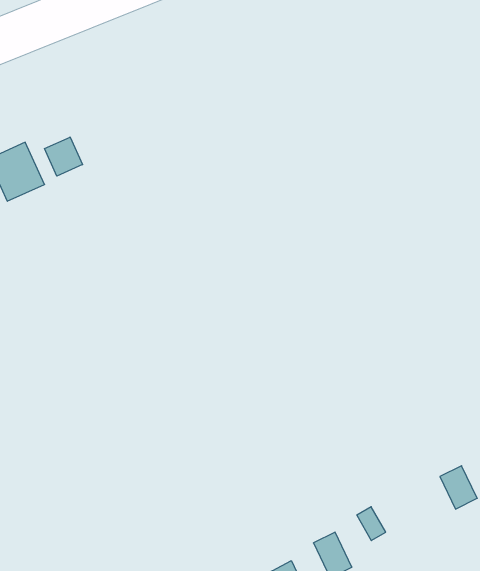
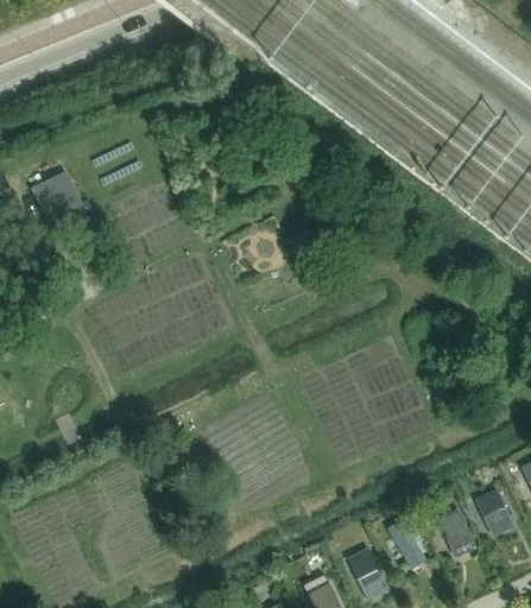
building: [44,137,83,176] -> none
building: none -> [440,509,473,556]

